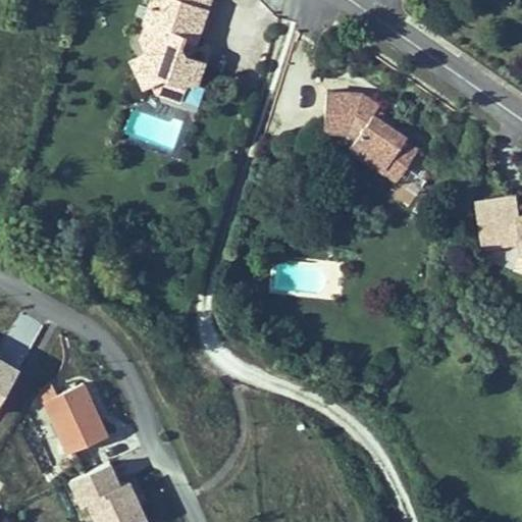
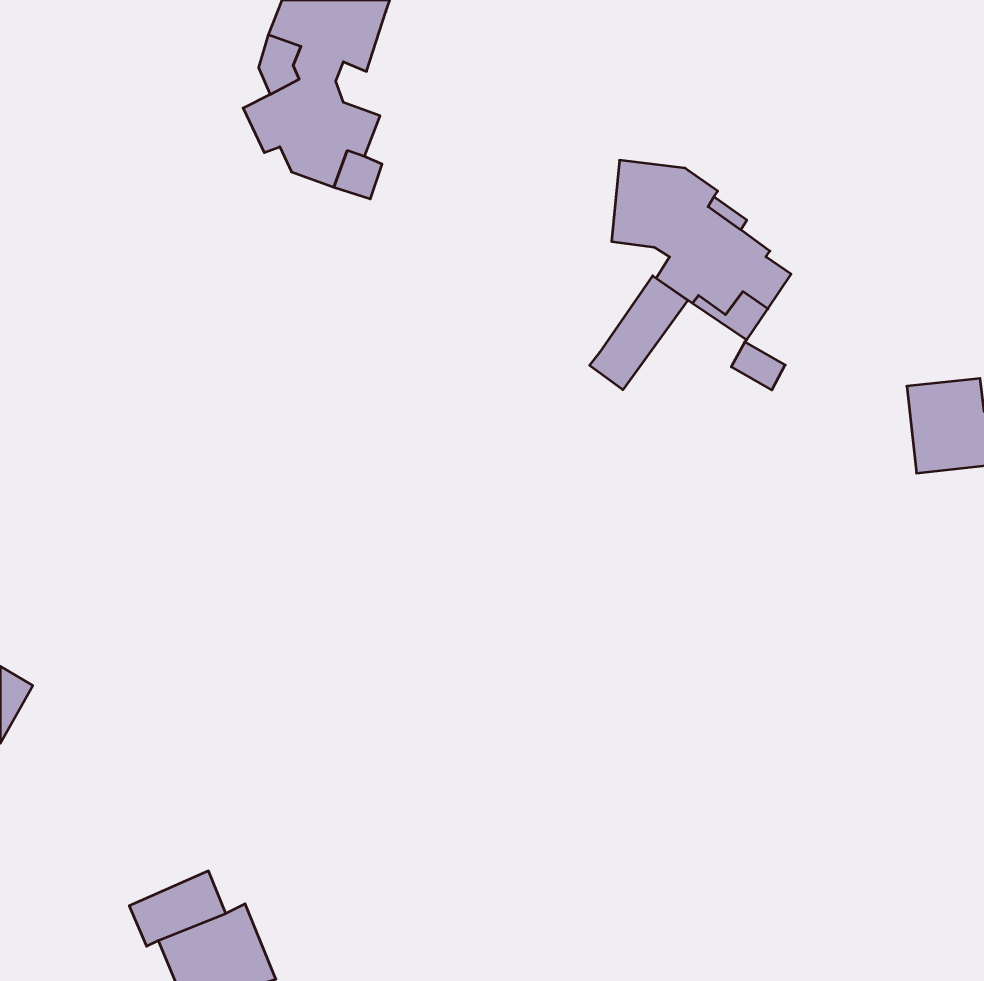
building: none -> [590,276,688,390]
building: [46,383,107,452] -> none

